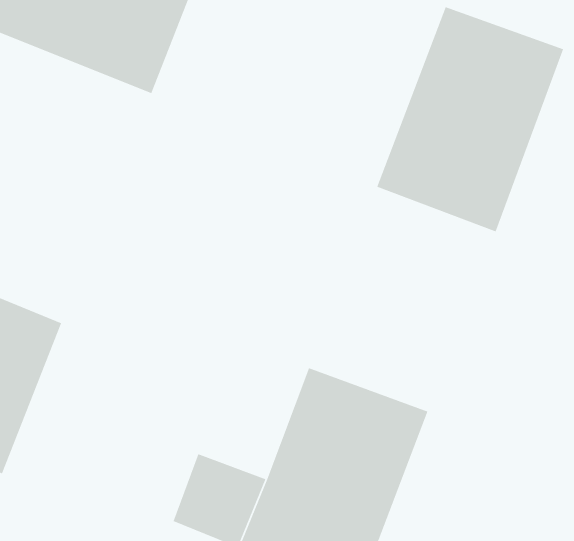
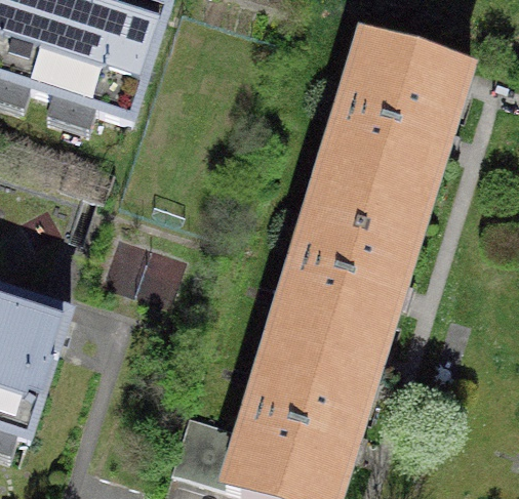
building: none -> [274,181,421,362]

